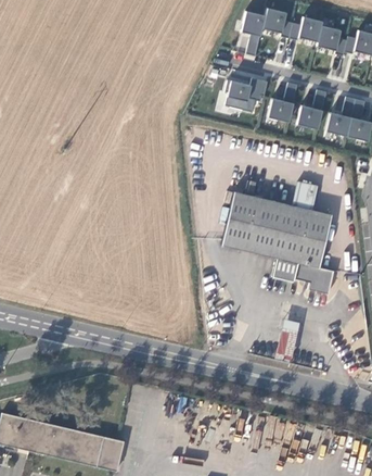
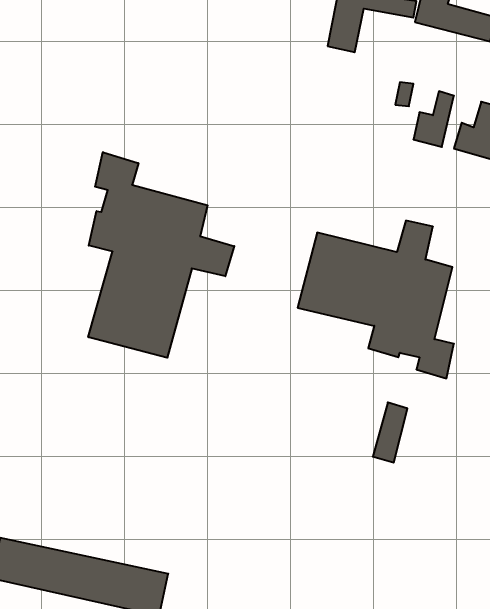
building: [227,70,271,113] -> none
building: [271,99,296,122] -> none
building: none -> [88,152,234,358]

